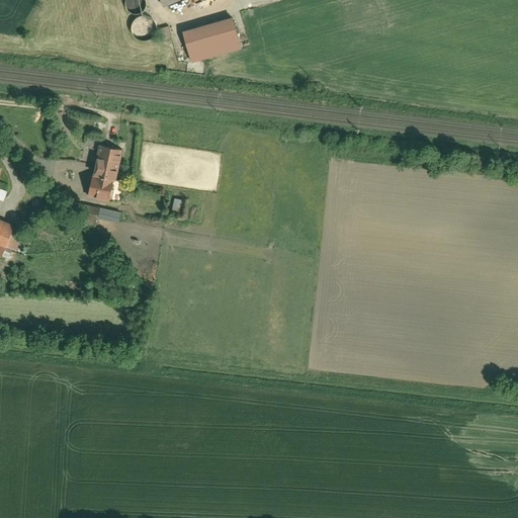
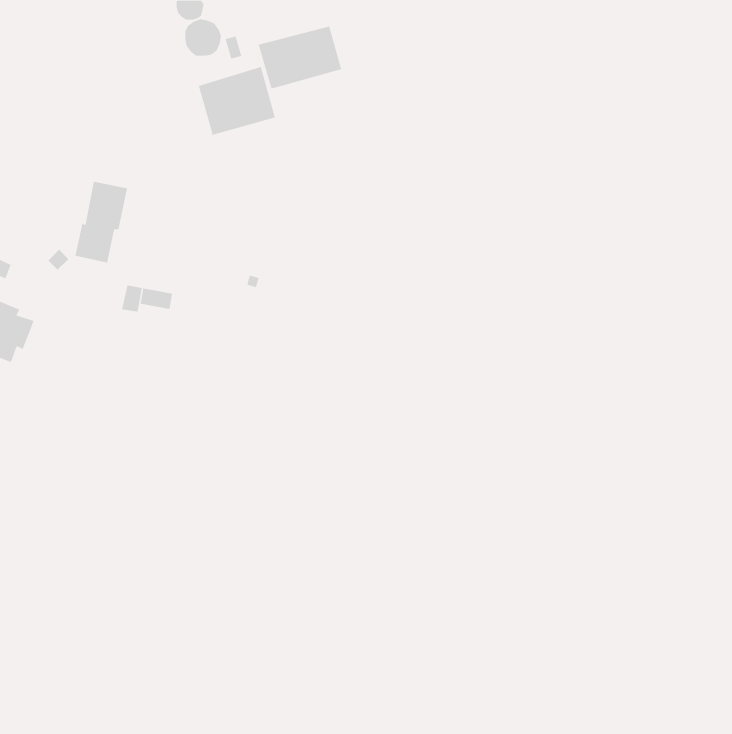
building: none -> [198,66,275,136]
building: [85,140,122,197] -> [75,181,128,263]

